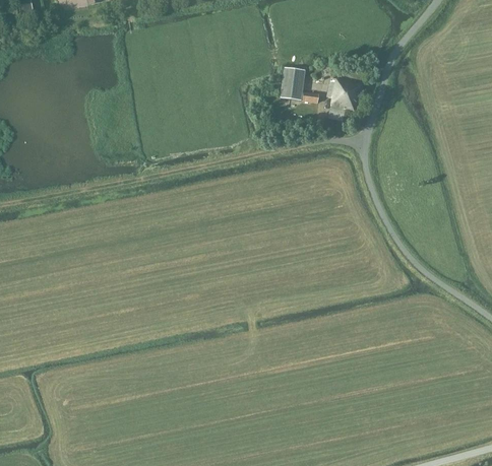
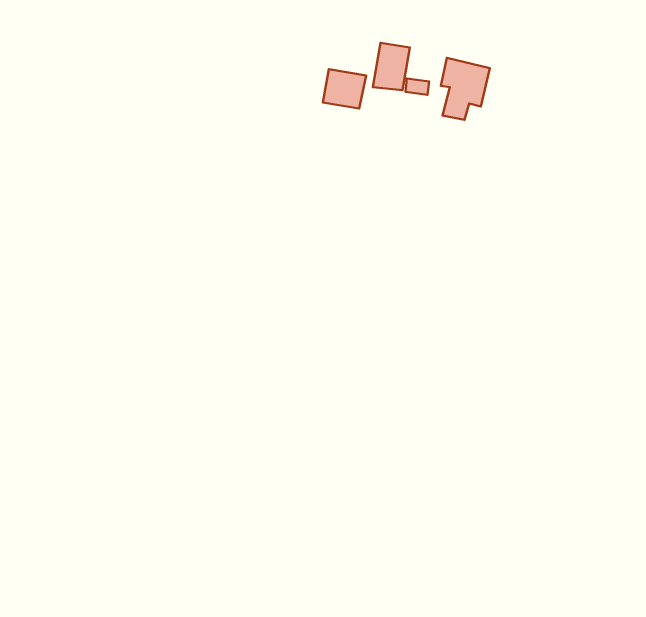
building: none -> [323,69,366,108]

